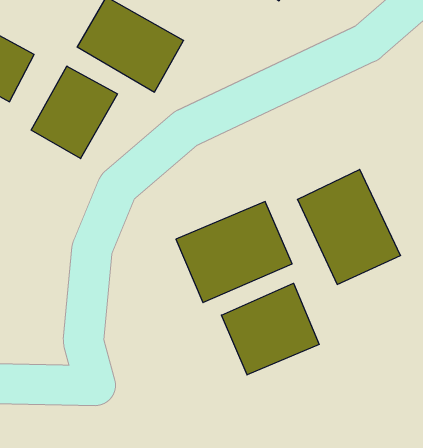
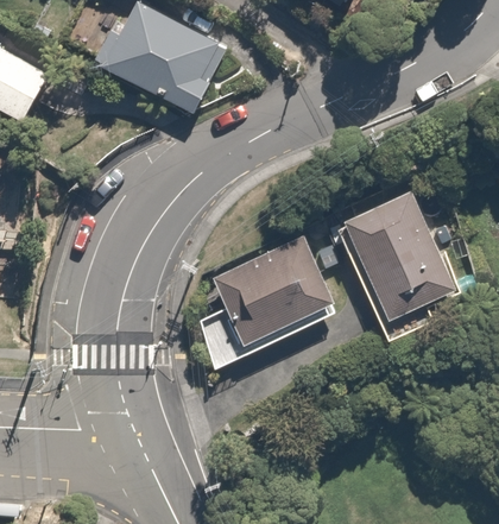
building: [31,66,117,159] -> none
building: [221,283,319,375] -> none

